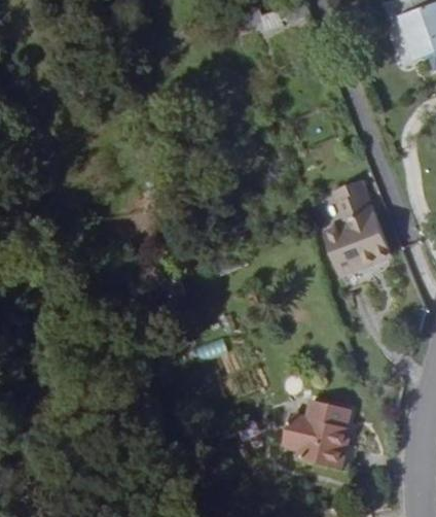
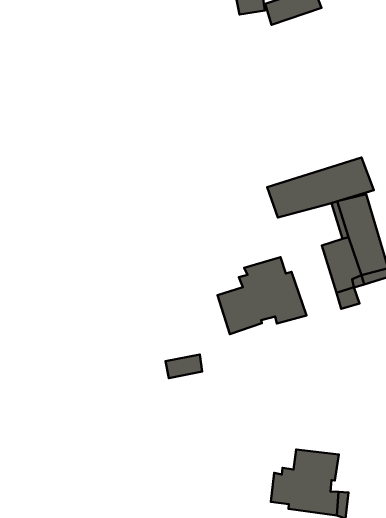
building: none -> [267,158,374,218]
building: none -> [218,257,306,334]

